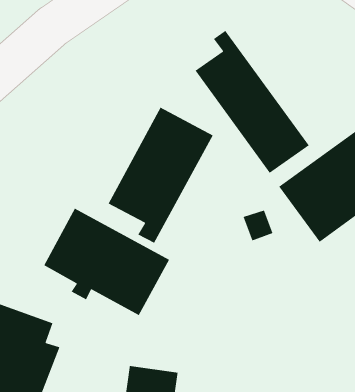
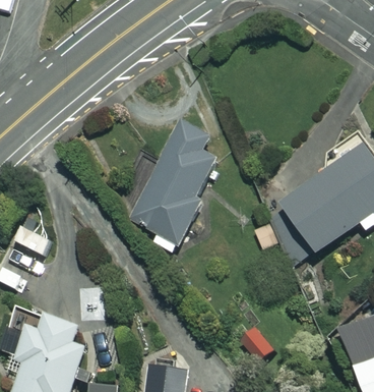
building: [195,30,310,174] -> none
building: [43,208,170,316] -> none

